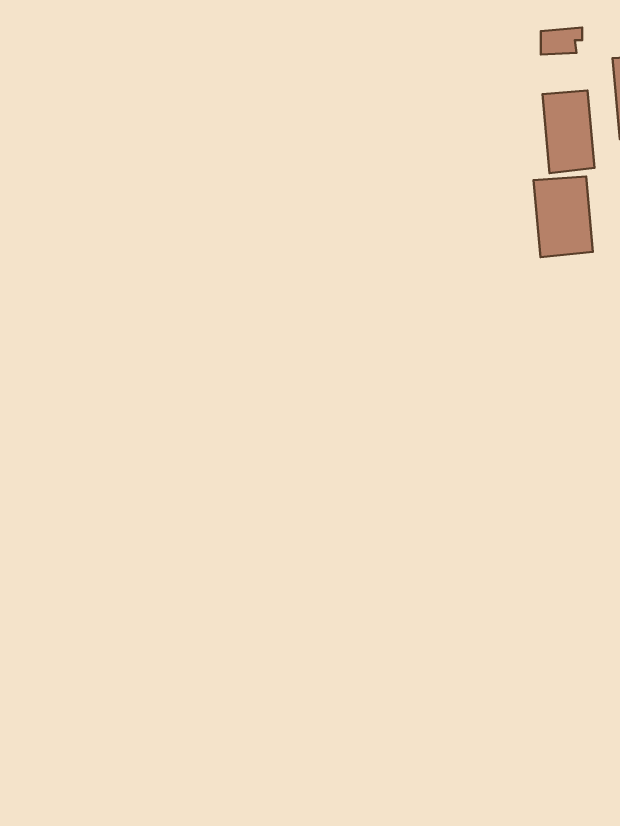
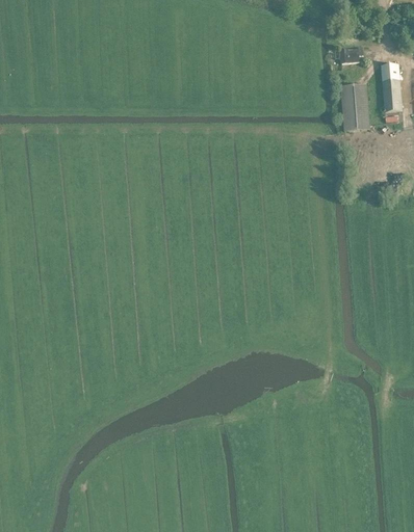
building: [533,177,593,257] -> none

